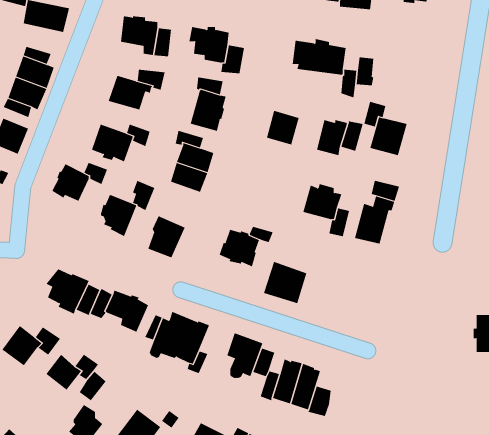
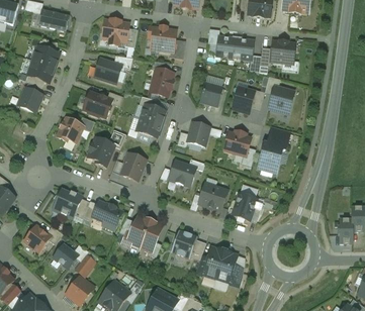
building: none -> [270,40,294,61]
building: none -> [186,121,209,145]
building: none -> [232,193,255,219]

